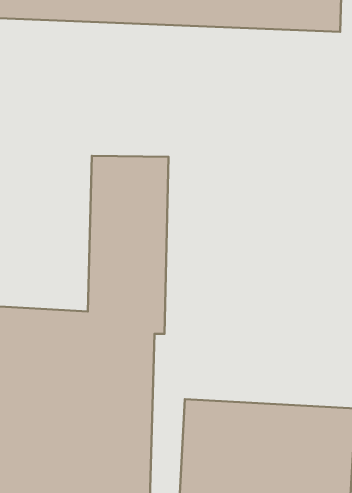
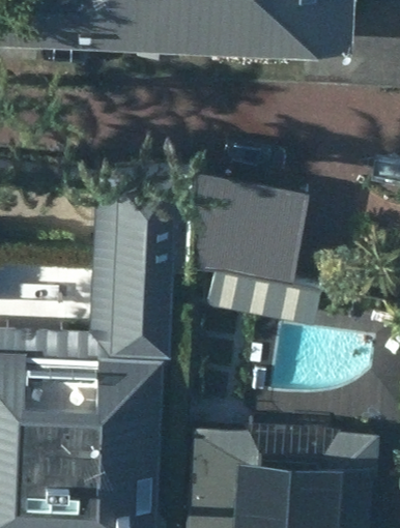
building: none -> [191,177,313,322]

